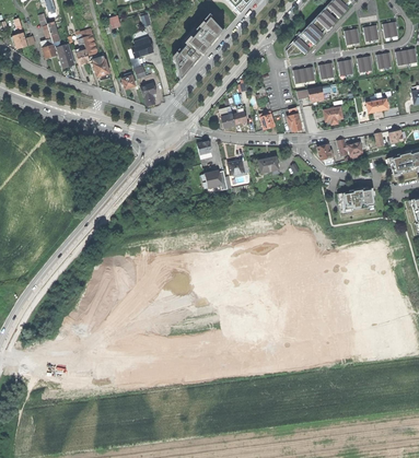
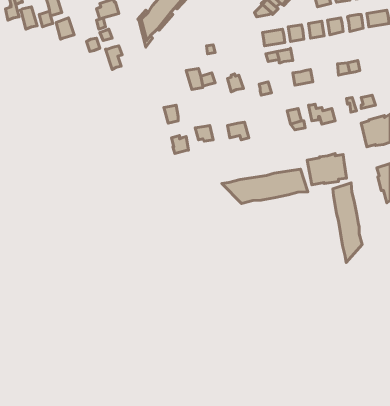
building: none -> [222,169,308,204]
building: none -> [333,183,362,262]

